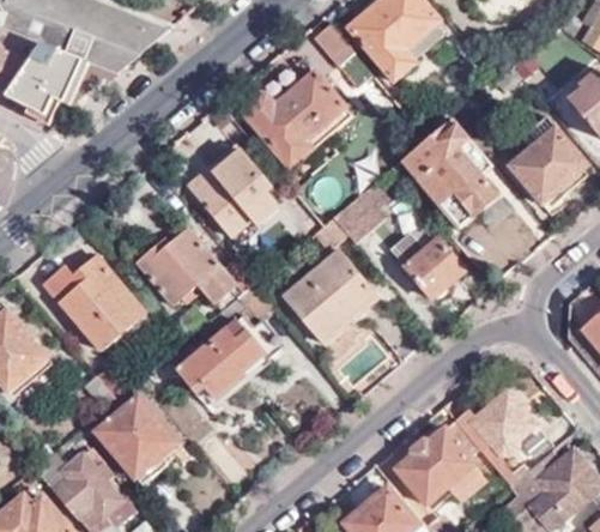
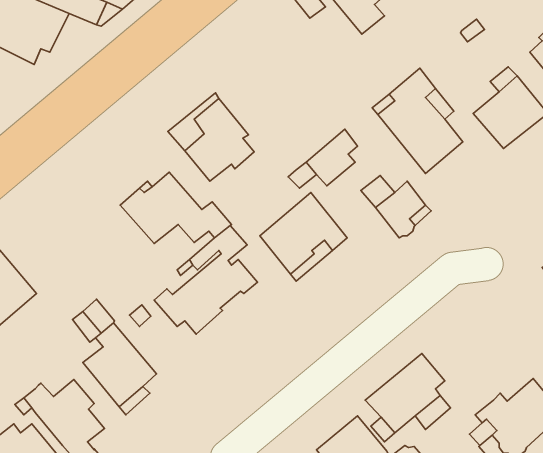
building: [241,71,346,169] -> none
building: [44,256,145,350] -> none
building: [455,389,537,486] -> none

